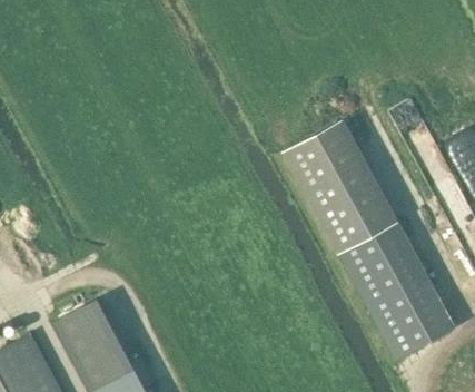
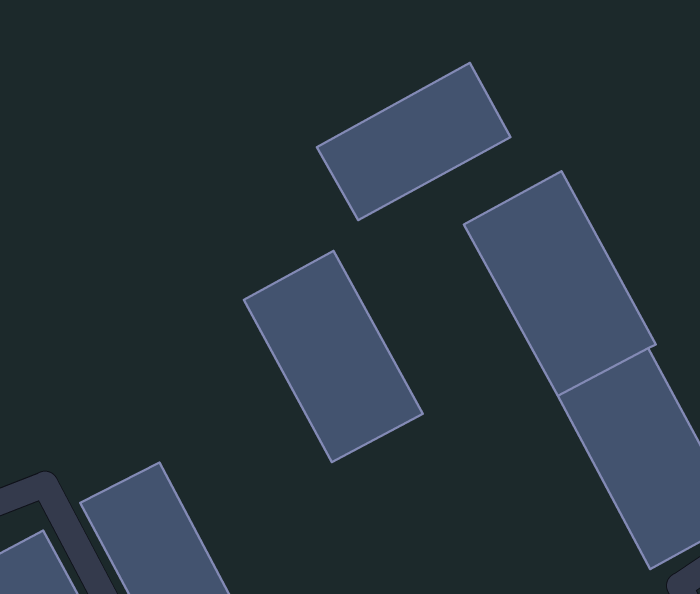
building: none -> [317,63,511,220]
building: none -> [244,251,423,462]

